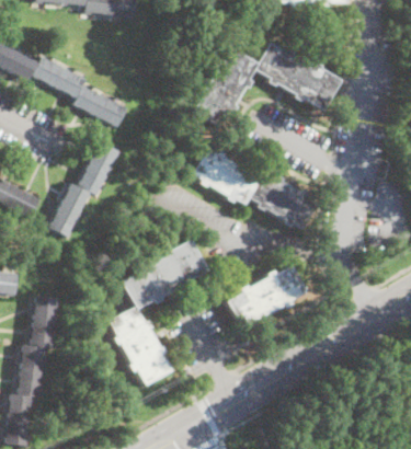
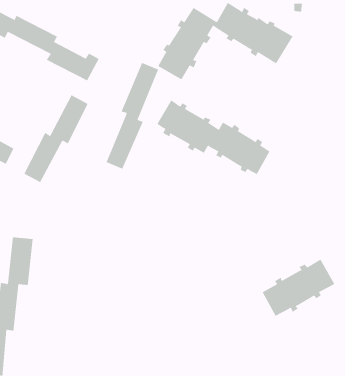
building: none -> [106,62,159,169]
building: [110,240,207,385] -> none
building: [227,265,306,327] -> [262,259,335,317]

